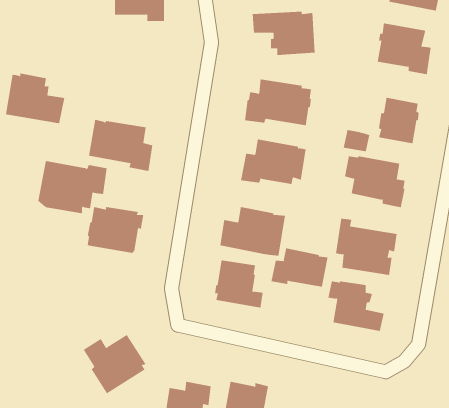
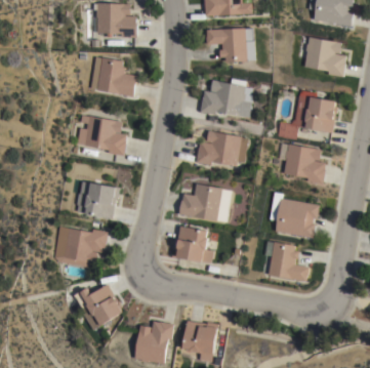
building: [5,73,65,124] -> [90,55,137,95]
building: [37,160,108,214] -> [52,226,108,268]
building: [271,247,328,288] -> none

